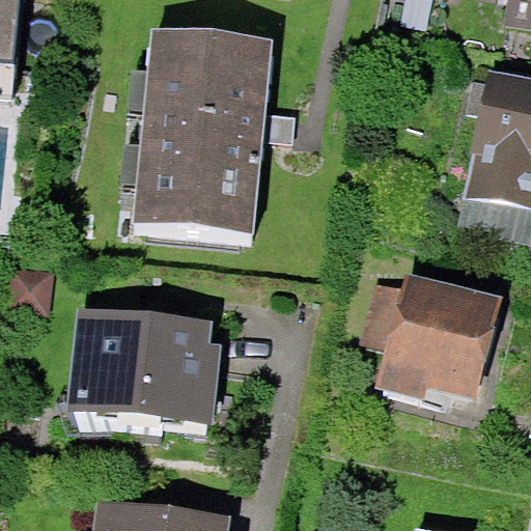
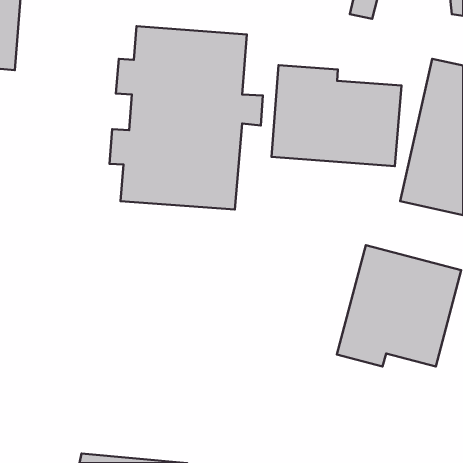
building: none -> [272,65,401,166]
building: [75,314,224,425] -> none

